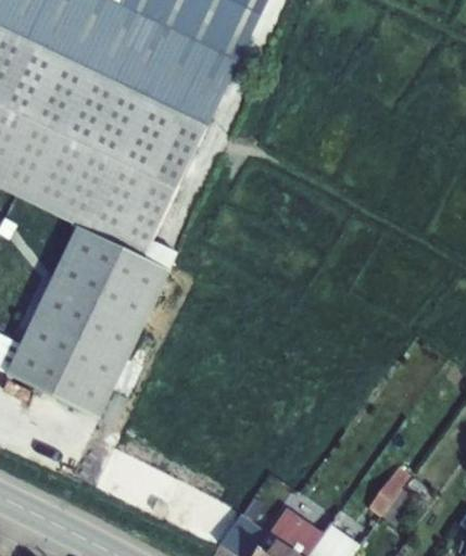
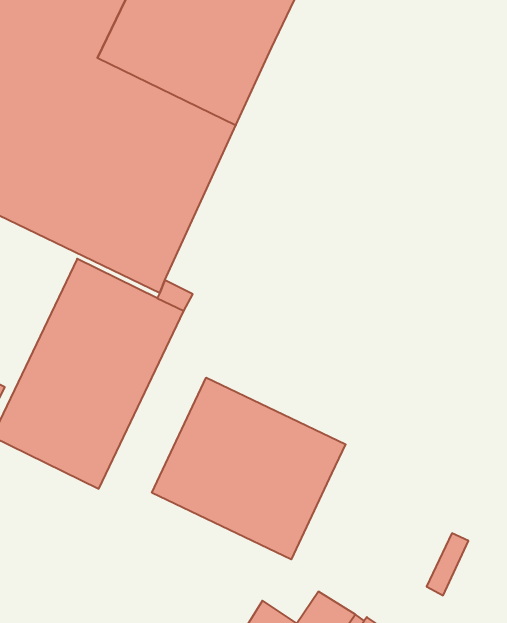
building: none -> [152,378,346,559]

